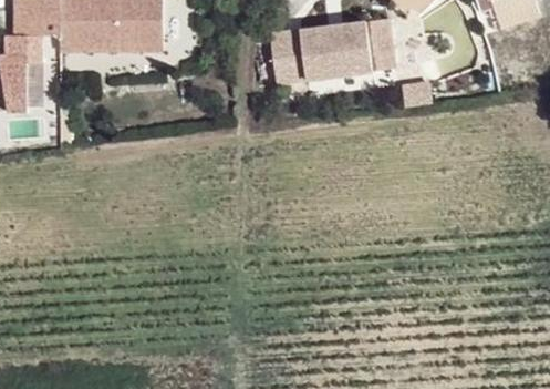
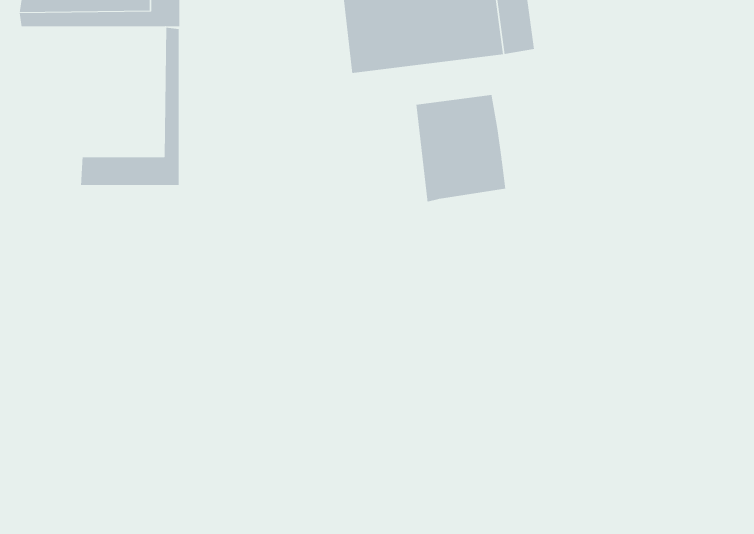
building: none -> [80,27,179,186]
building: none -> [416,94,506,202]

